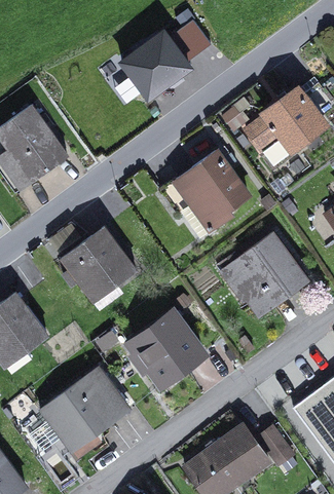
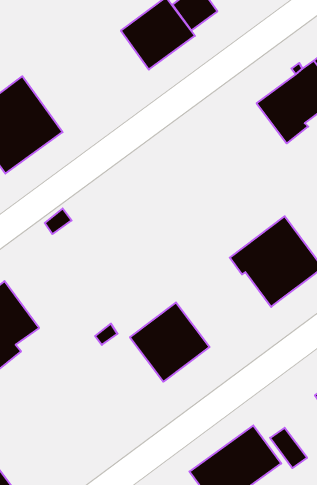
building: [161,150,249,236] -> none
building: [62,226,137,300] -> none
building: [30,368,128,456] -> none

